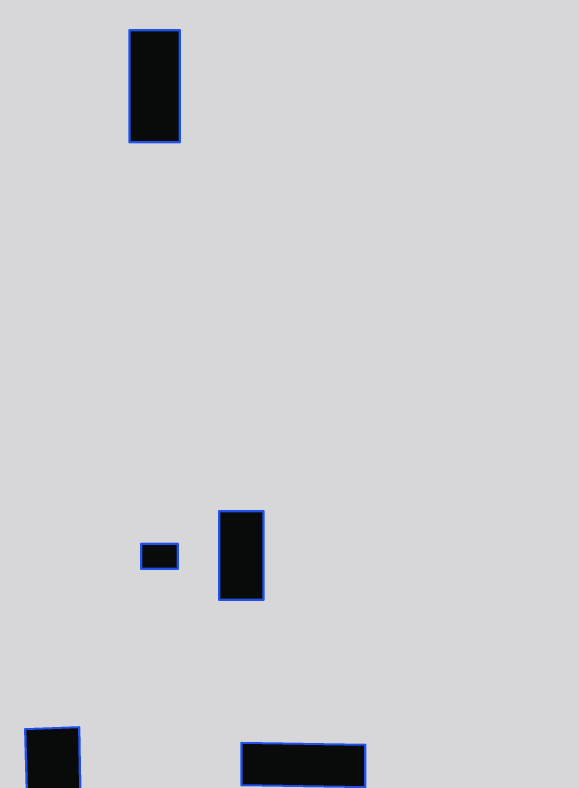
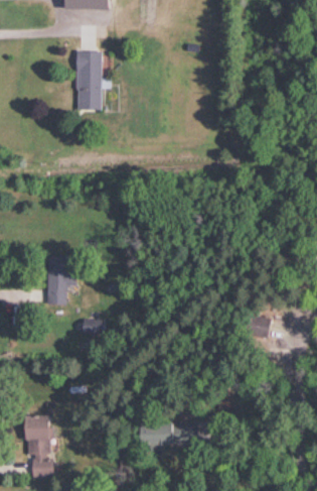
building: [219,511,263,600] -> [48,258,71,304]
building: none -> [245,315,272,339]

